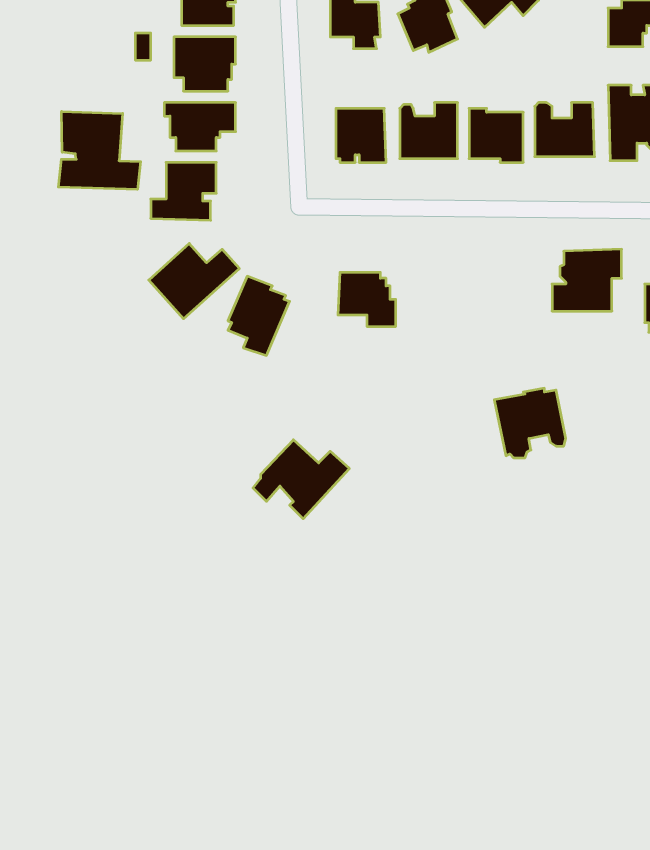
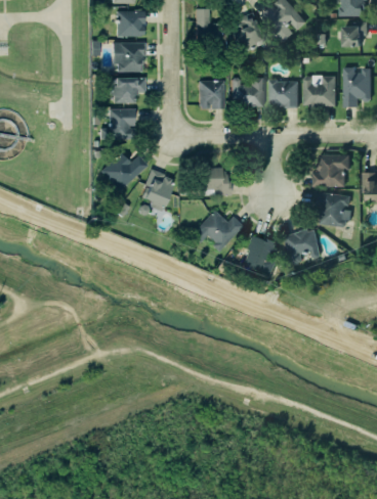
building: [58,111,141,189] -> none
building: none -> [312,190,352,228]
building: none -> [242,235,278,277]
building: [253,440,349,519] -> [193,210,244,252]

